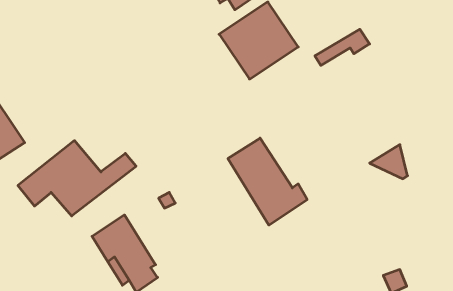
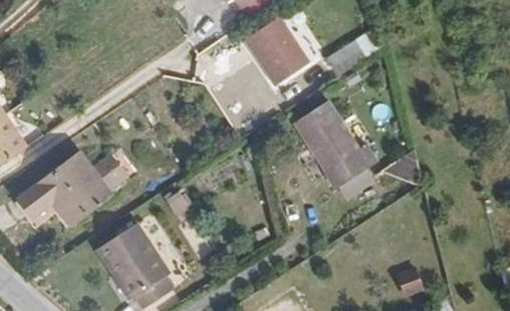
building: [228,138,307,225] -> [295,99,376,189]

